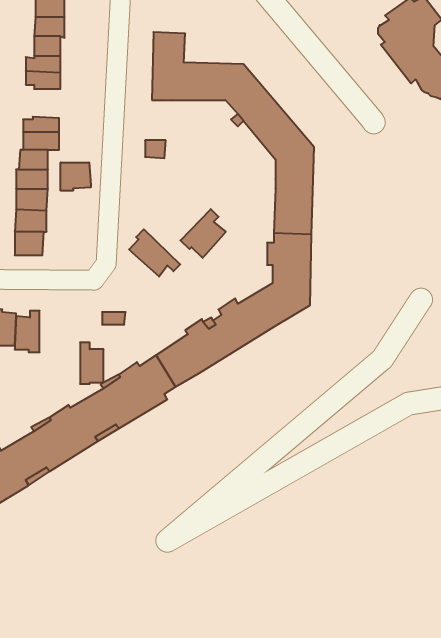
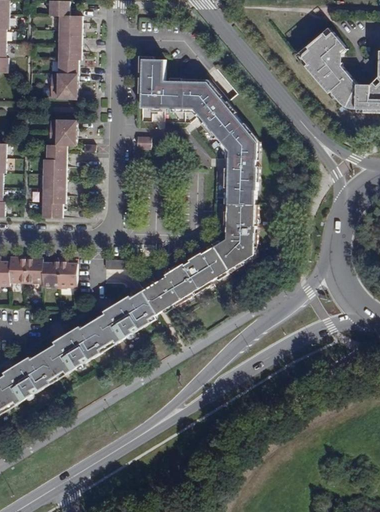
building: [61,162,91,191] -> none
building: [180,209,226,258] -> none
building: [129,229,180,277] -> none
building: [80,342,104,384] -> [60,258,77,288]

